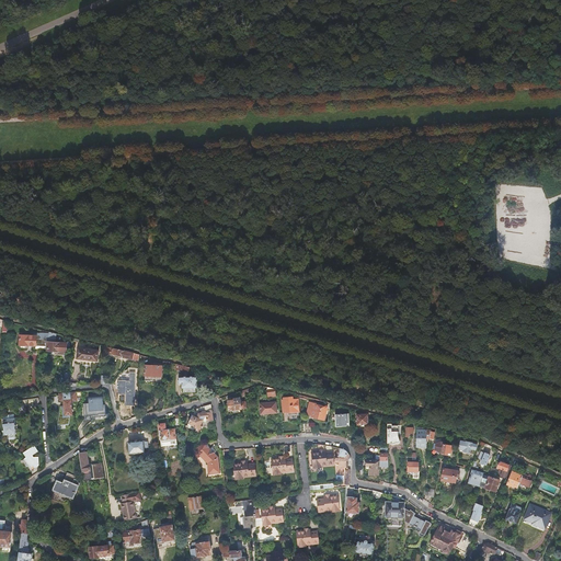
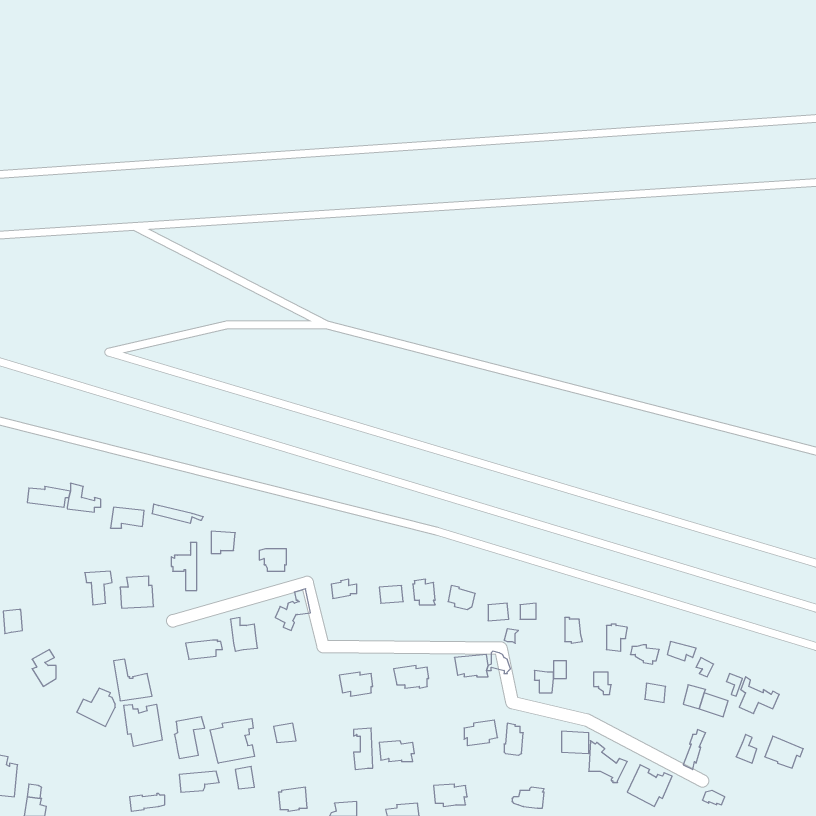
building: [192,440,219,472] -> none
building: none -> [124,704,162,746]
building: none -> [210,719,255,763]

